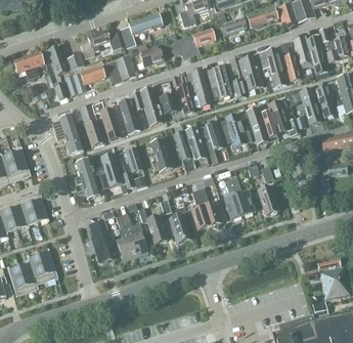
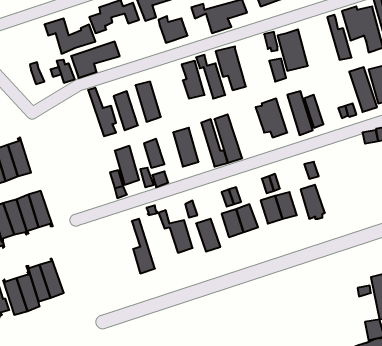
building: [258,47,286,87] -> none
building: [13,50,44,78] -> none
building: [104,54,136,83] -> none
building: [206,65,232,97] -> none
building: [132,87,163,125] -> none
building: [268,99,290,132] -> none
building: [51,113,83,154] -> none
building: [200,120,223,151] -> none
building: [75,158,100,198] -> none
building: [122,212,147,256] -> none
building: [91,219,113,261] -> none

